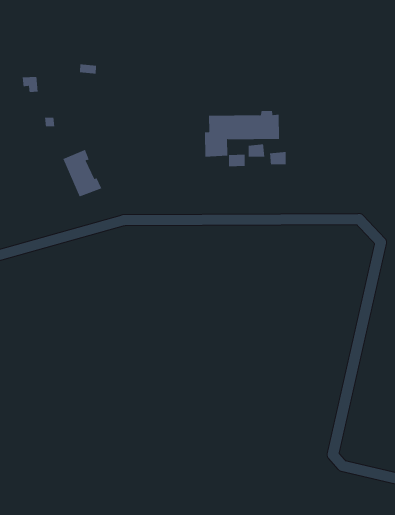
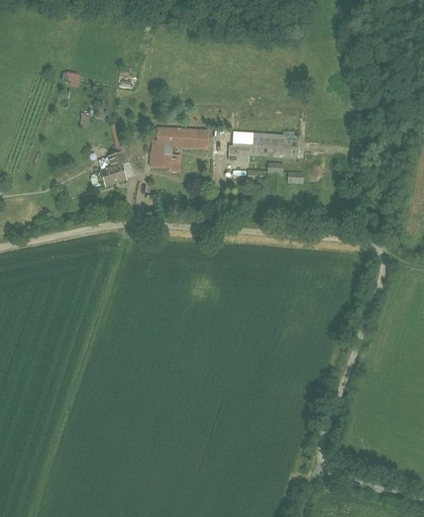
building: none -> [149,126,209,173]

